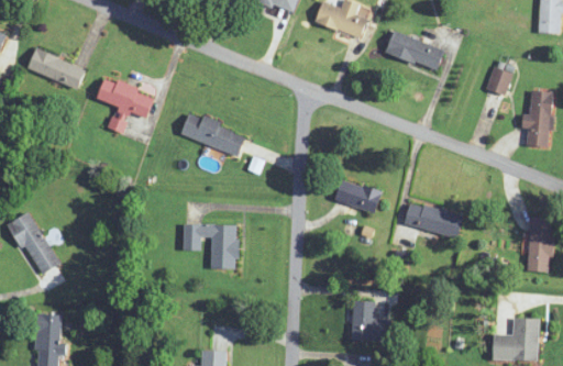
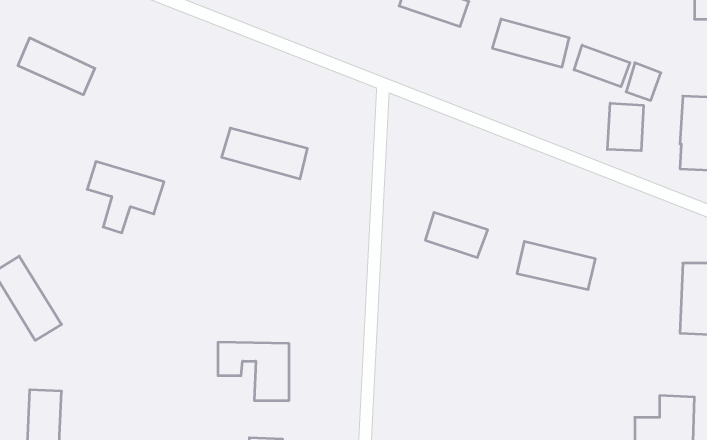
building: none -> [574,45,630,87]
building: [96,79,154,133] -> [87,162,164,233]
building: none -> [607,103,643,151]
building: [183,224,236,268] -> [218,342,289,400]
building: [351,301,389,341] -> none

